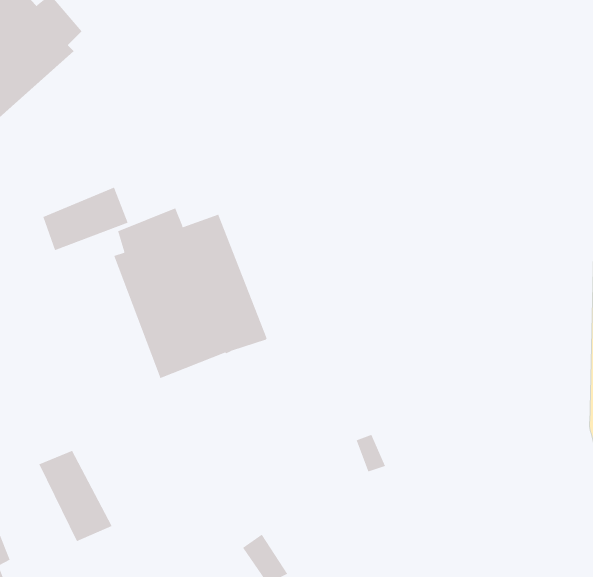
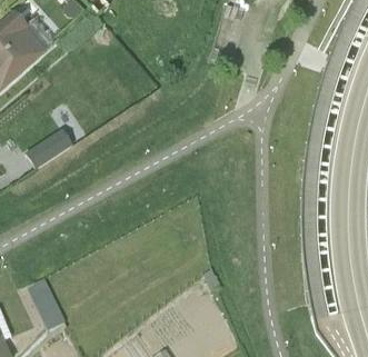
building: [114,207,267,379] -> none

